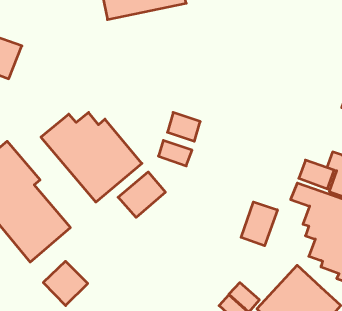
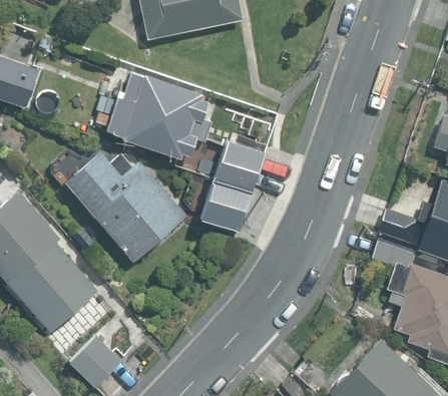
building: none -> [106,74,212,158]
building: [118,172,165,217] -> none
building: [241,202,277,246] -> none

